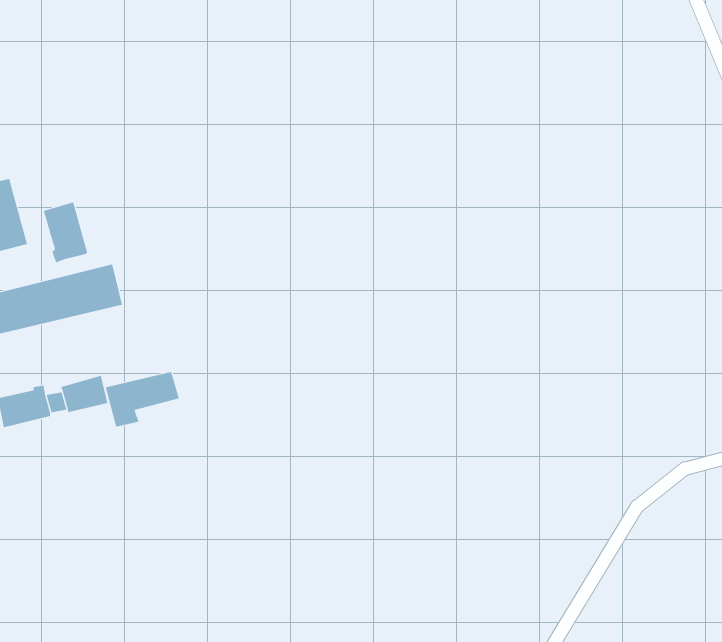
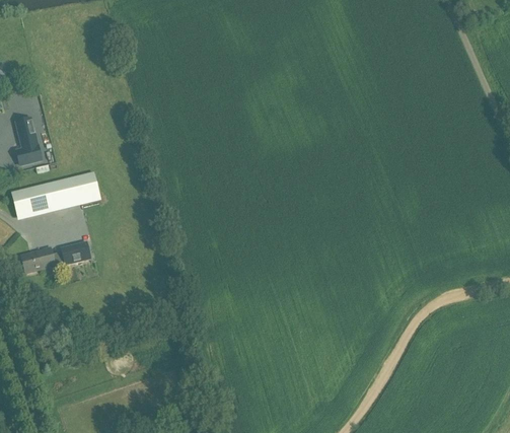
building: [43,202,88,263] -> none
building: [105,371,180,427] -> none

